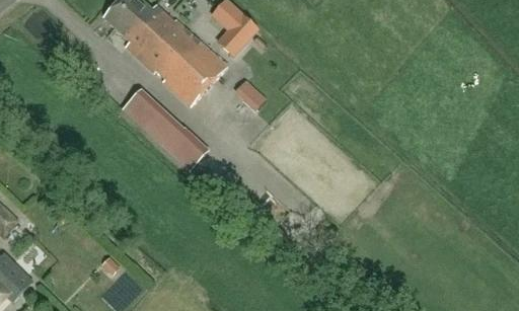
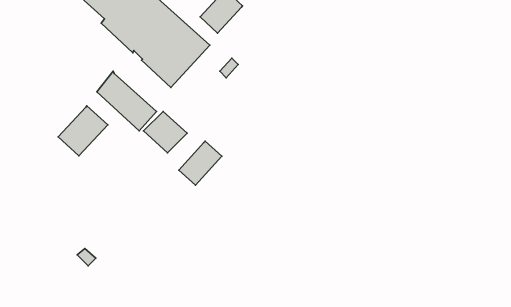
building: none -> [58,106,108,156]
building: none -> [179,141,222,185]

